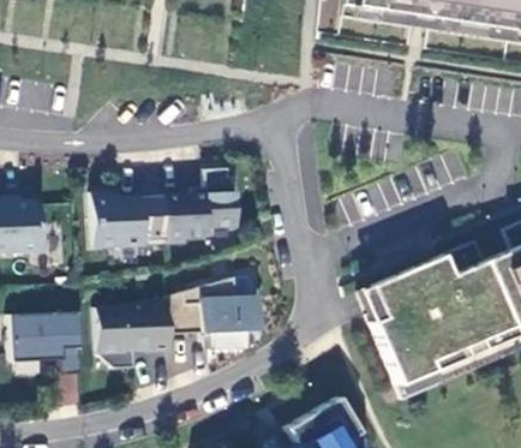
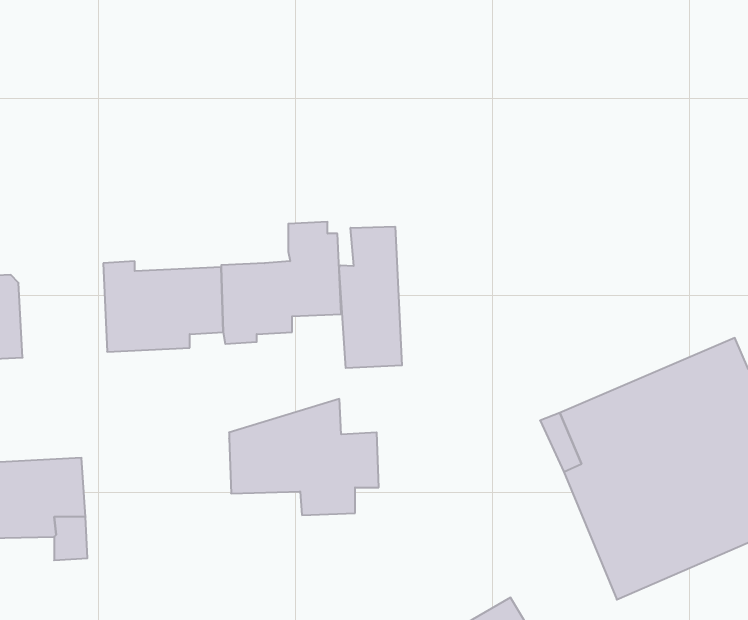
building: none -> [339,227,402,368]
building: [97,300,172,369] -> none

